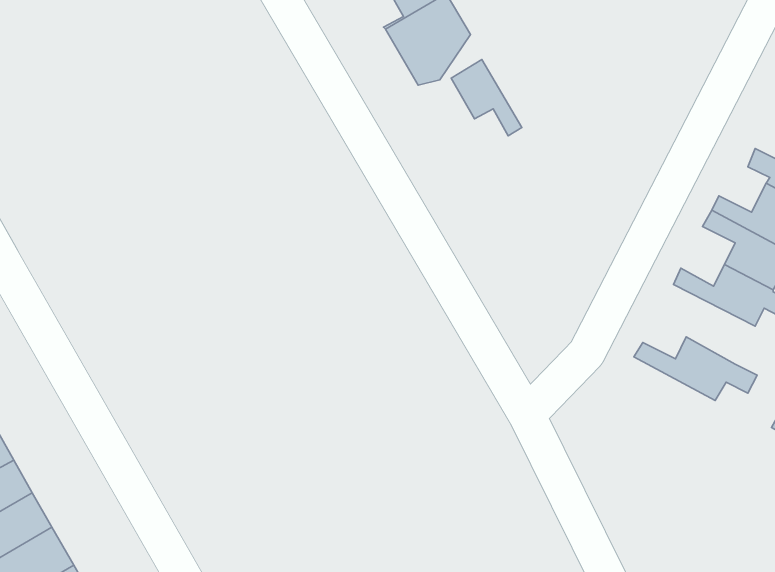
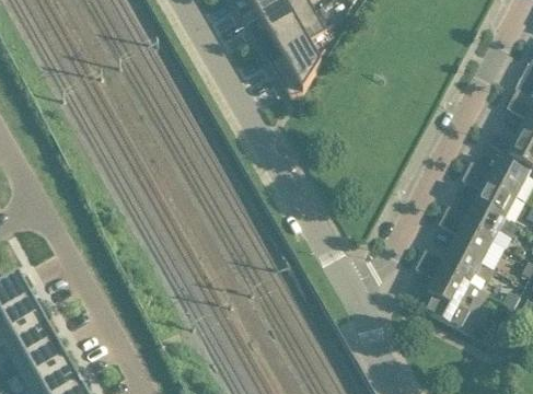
building: [451,59,522,136] -> none
building: none -> [439,213,494,262]
building: none -> [416,257,480,331]

